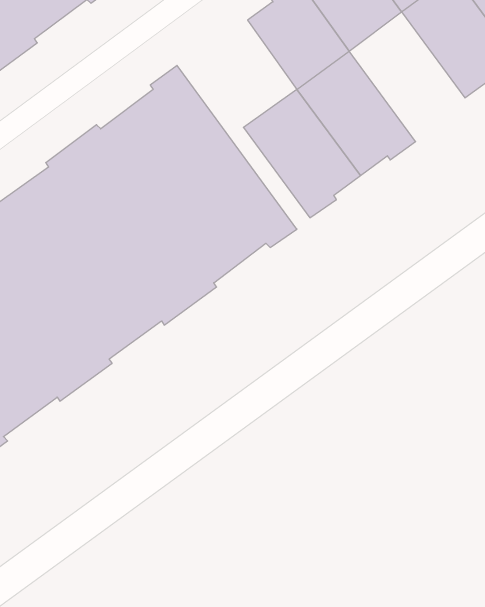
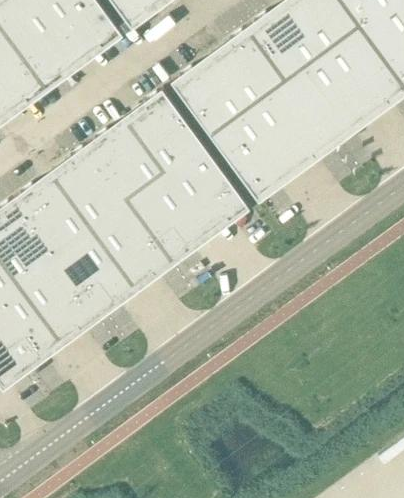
building: none -> [284,53,366,145]
building: none -> [172,59,247,135]

